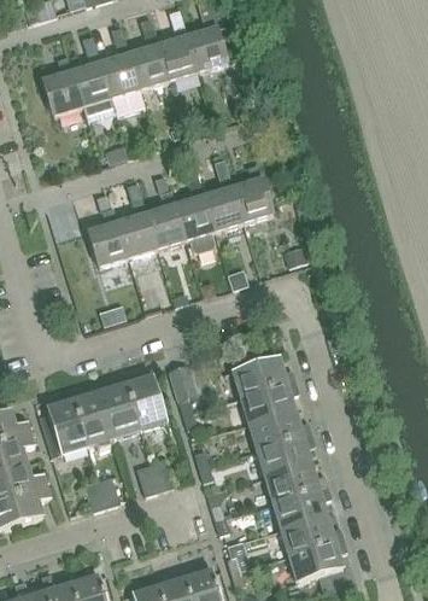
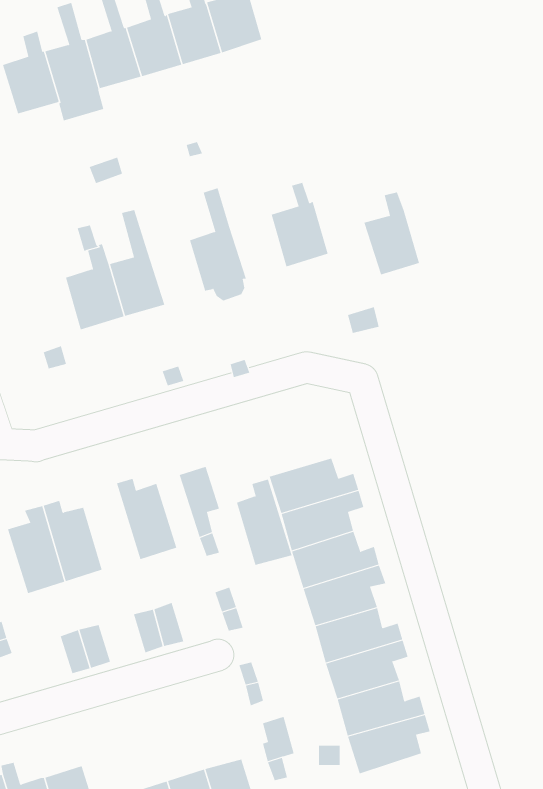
building: [204,173,244,232] -> [364,192,420,275]
building: [146,189,186,250] -> none
building: [100,377,140,438] -> [236,479,292,566]

